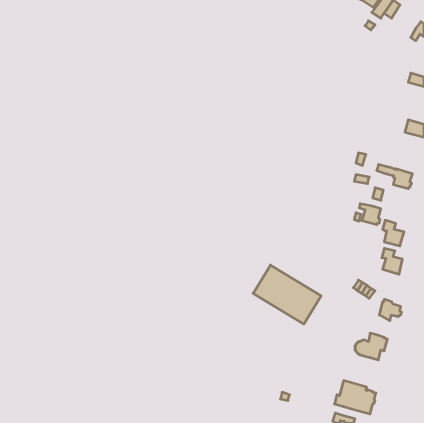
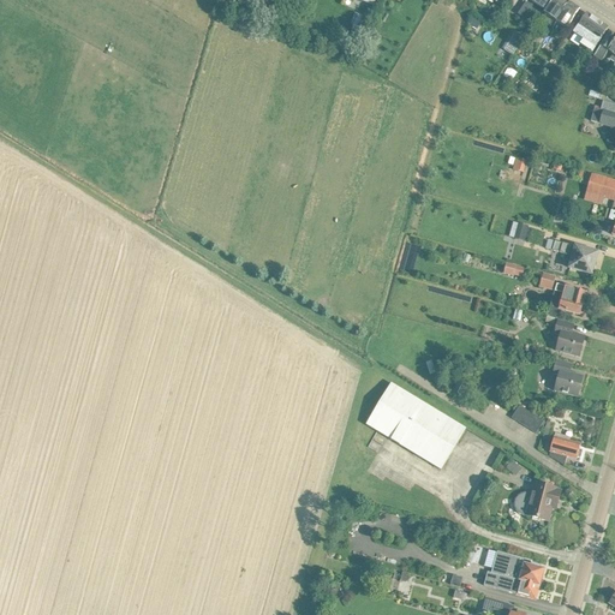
building: none -> [573,11,608,55]
building: [359,204,381,225] -> [555,283,586,314]

